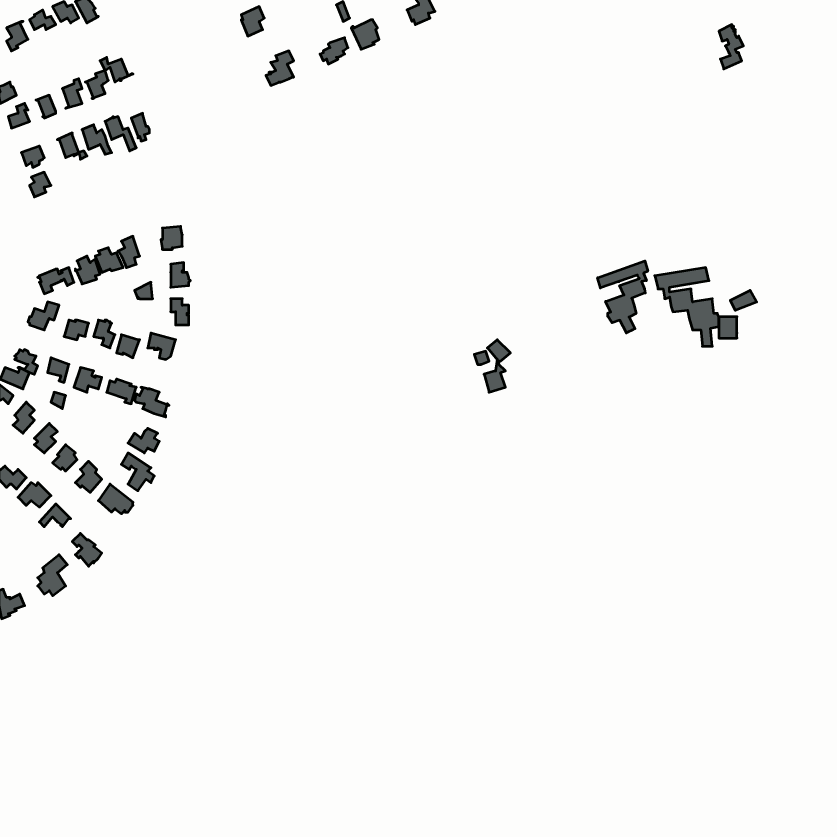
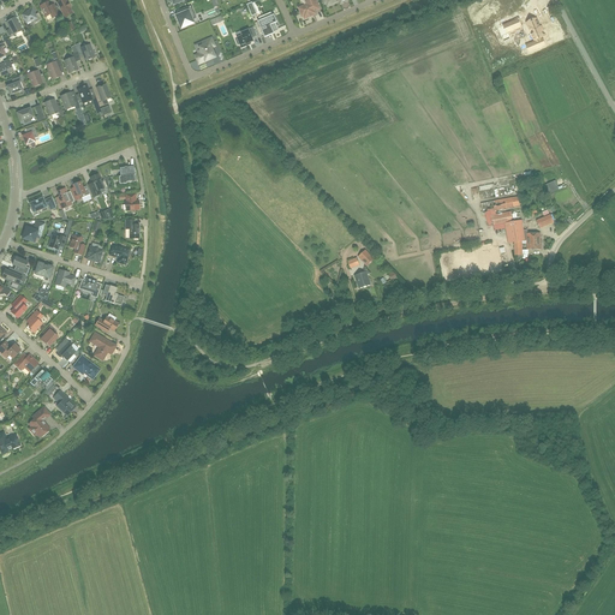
building: [598,261,648,333] -> none

